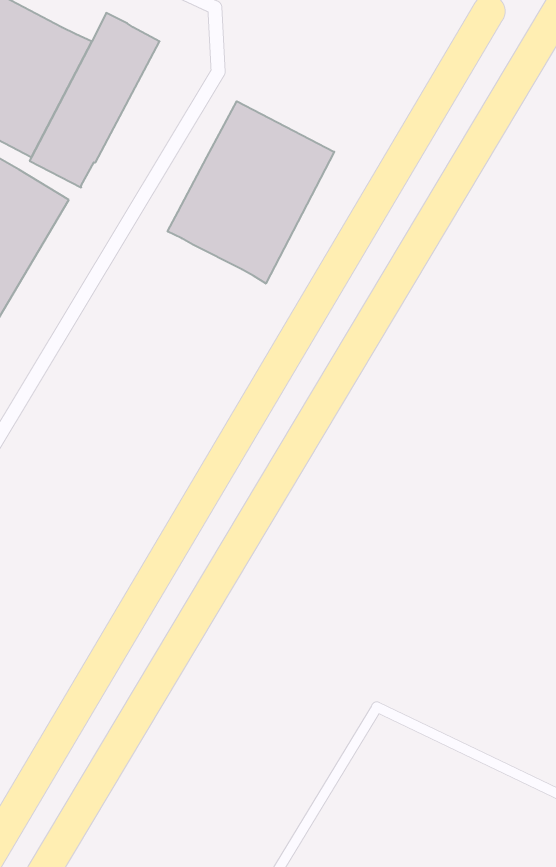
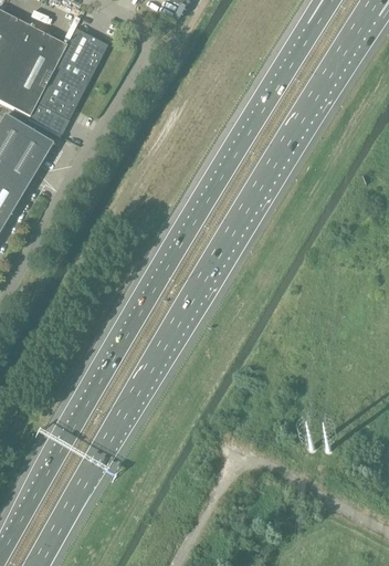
building: [168,101,334,284] -> none

